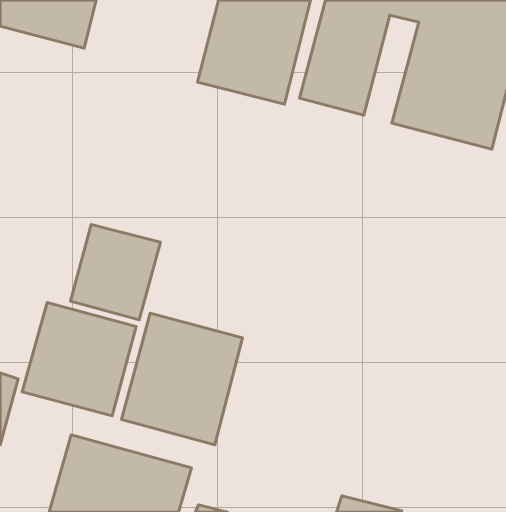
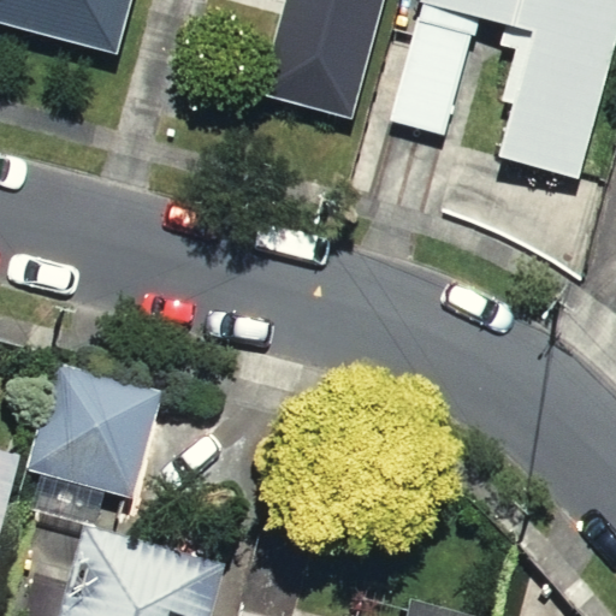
building: [70,224,160,320] -> none
building: [121,313,242,445] -> none

